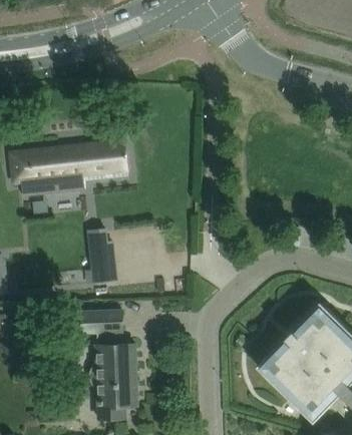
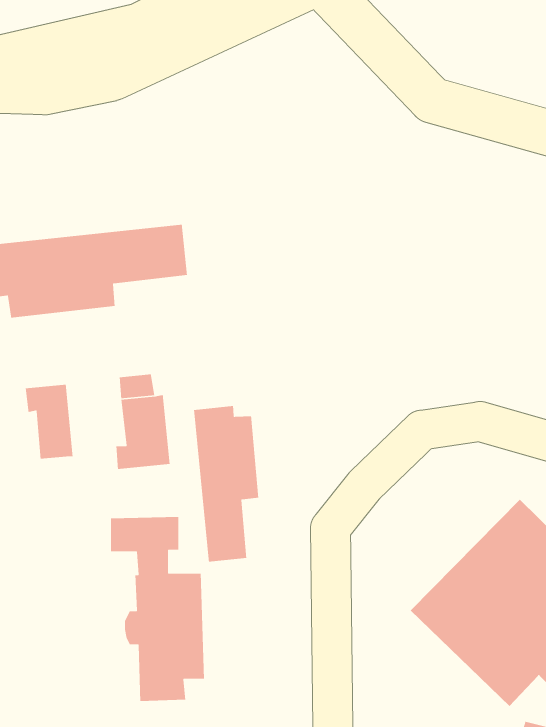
building: none -> [25,384,74,460]
building: none -> [193,405,259,563]

